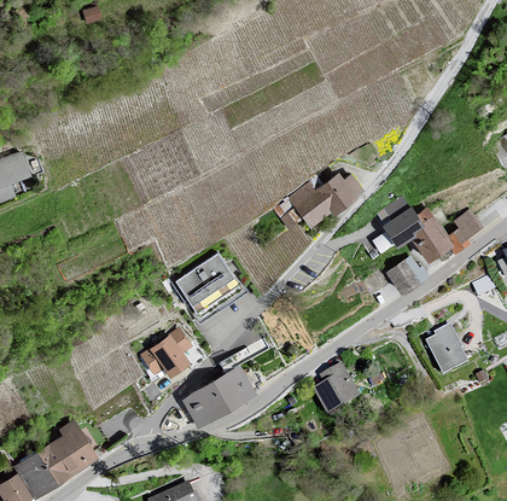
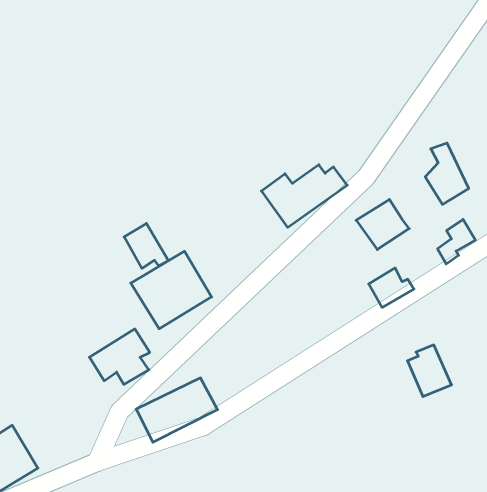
building: [410,206,450,262] -> [425,143,469,204]
building: none -> [124,223,169,268]
building: [314,363,357,410] -> none

